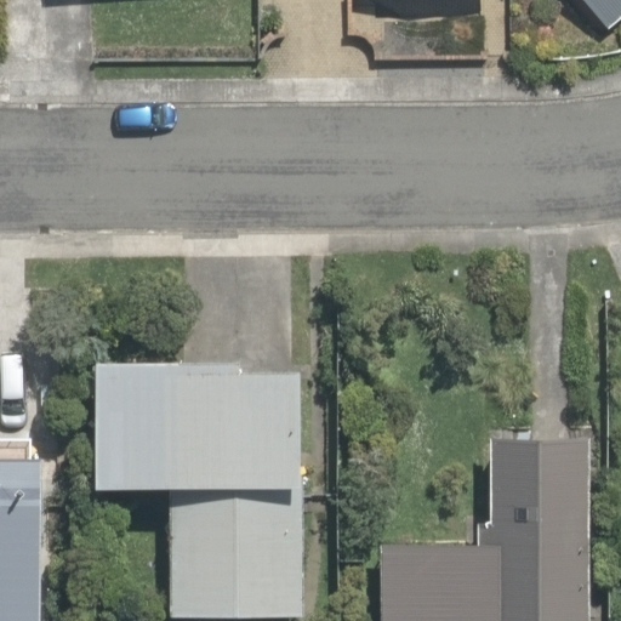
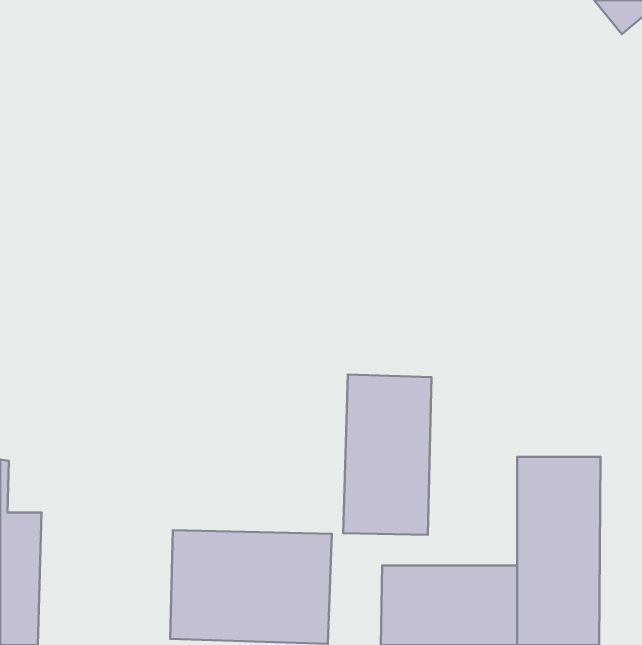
building: none -> [343,375,432,535]
building: [93,363,301,492] -> none

